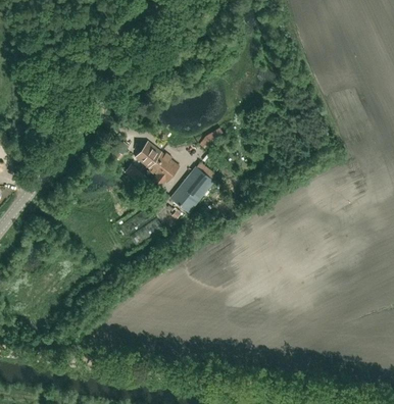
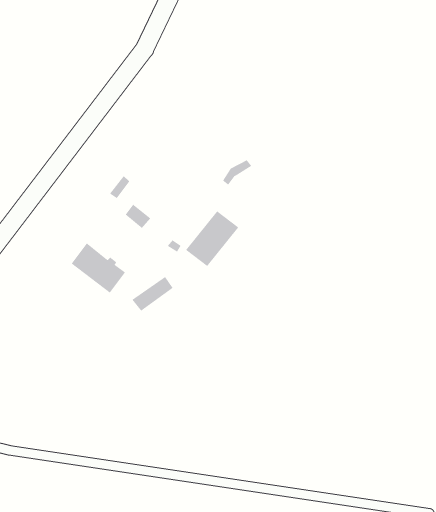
building: [136,142,179,182] -> [71,242,126,294]

